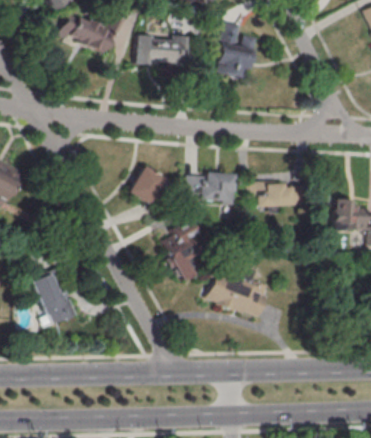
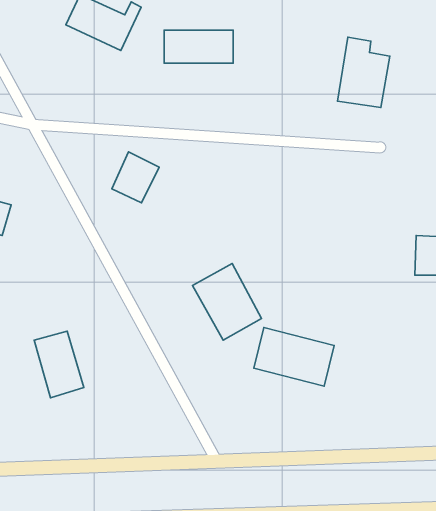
building: [216,22,257,77] -> [337,37,390,107]
building: [129,166,166,206] -> [112,152,159,203]
building: [190,173,236,201] -> none
building: [249,182,293,207] -> none

